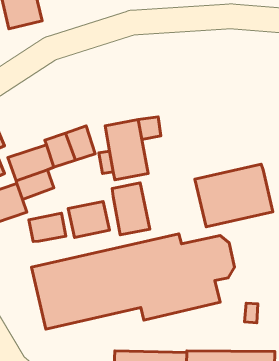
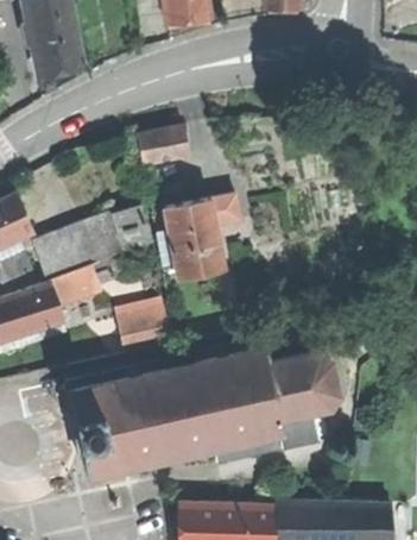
building: none -> [137,125,189,163]
building: [195,164,273,227] -> none
building: [112,183,150,235] -> none
building: [29,213,66,242] -> none

